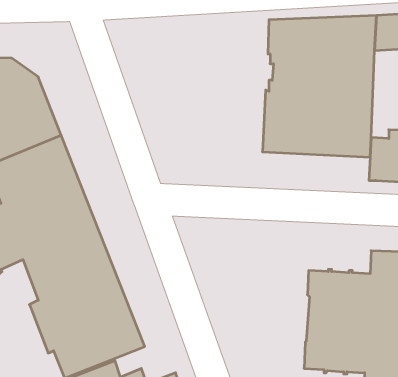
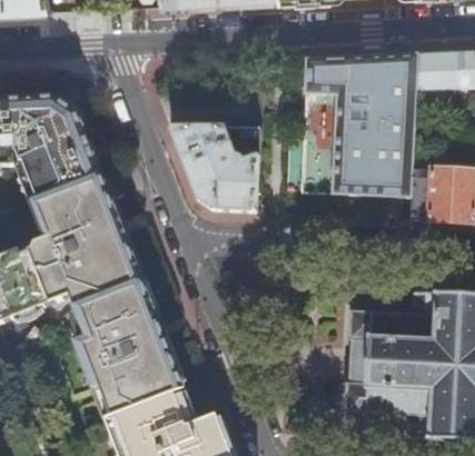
building: none -> [172,130,259,214]

